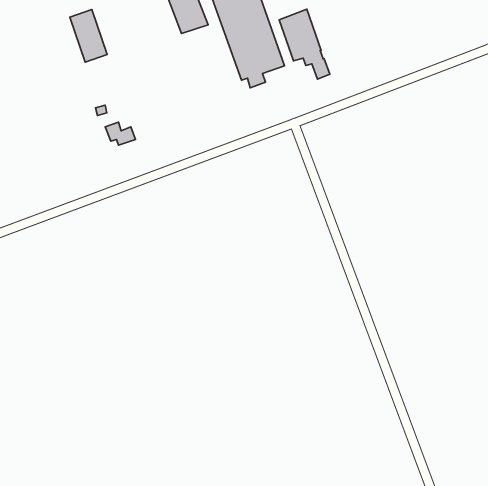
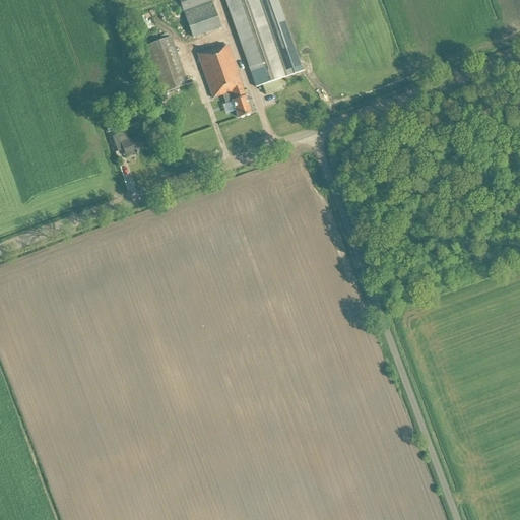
building: [279,9,330,79] -> [198,42,252,116]
building: [70,10,107,62] -> [146,36,186,91]

